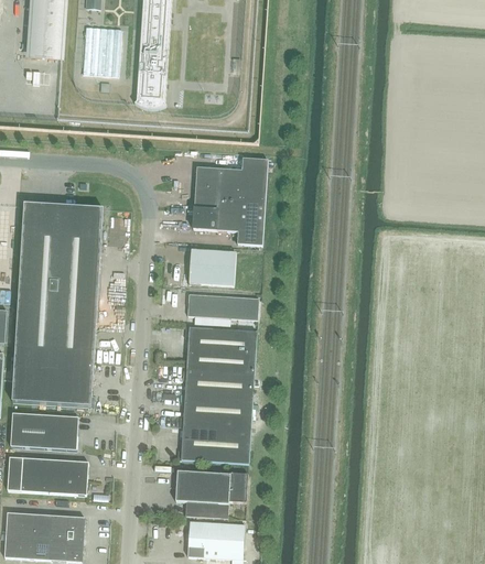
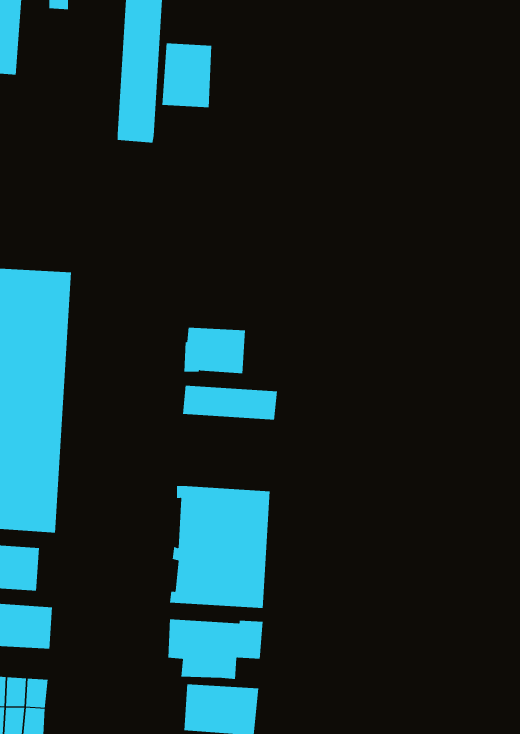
building: [82,25,120,75] -> [162,43,212,108]
building: [192,156,267,245] -> none
building: [184,326,256,373] -> none

